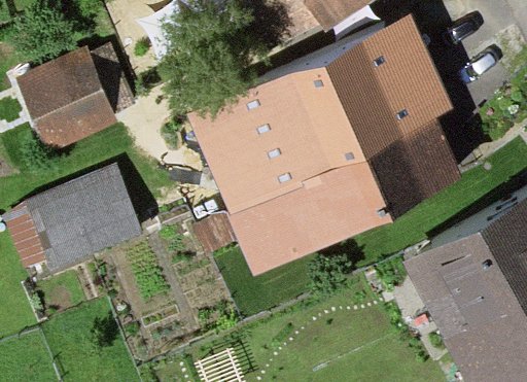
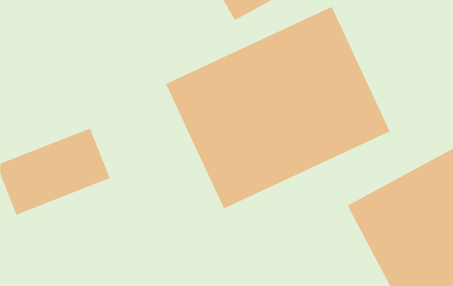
building: [20,45,107,133] -> none

